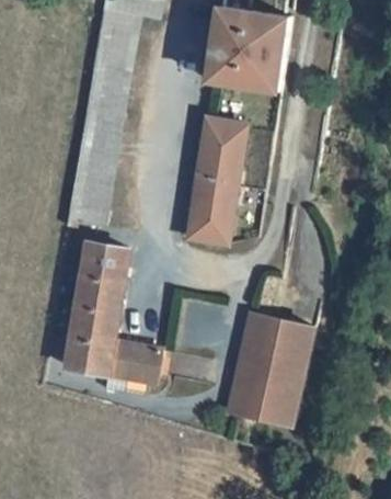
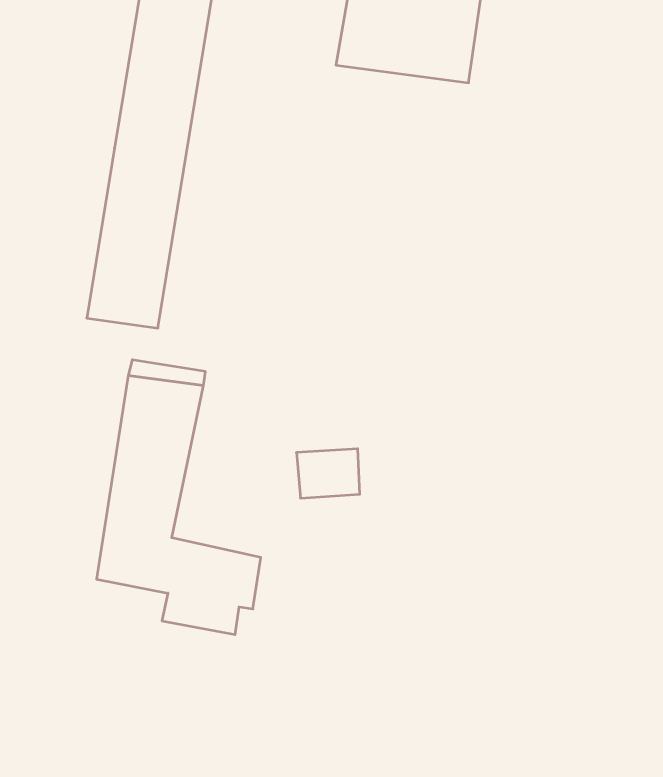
building: [187,120,244,247] -> none
building: [233,317,315,426] -> none

